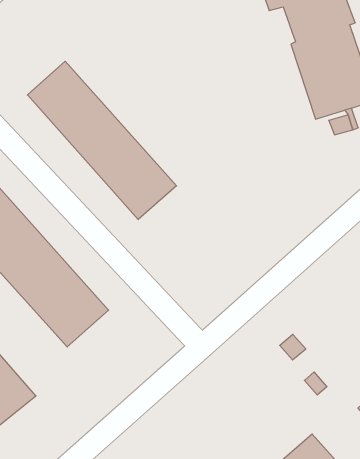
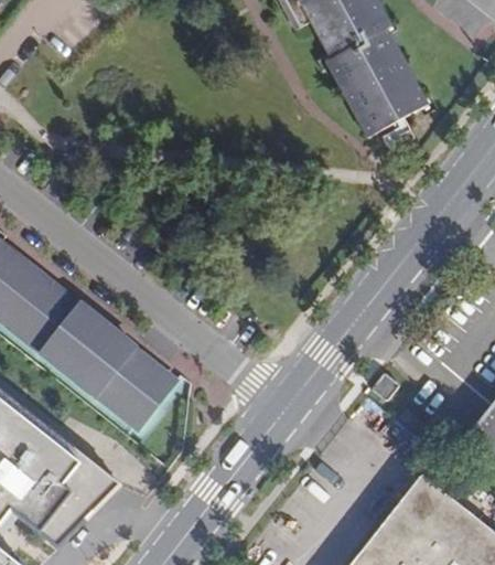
building: [27,61,177,220] -> none

